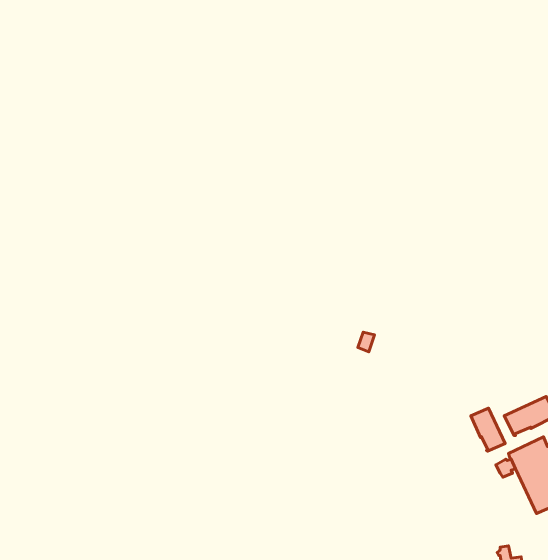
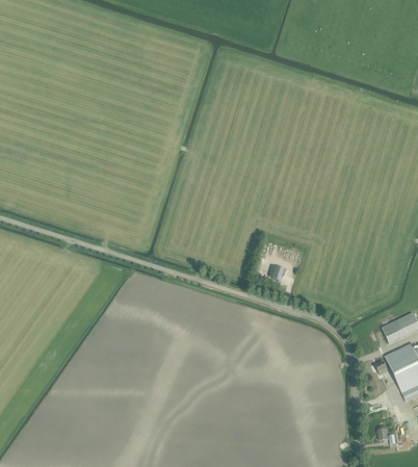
building: [471,408,505,451] -> none

